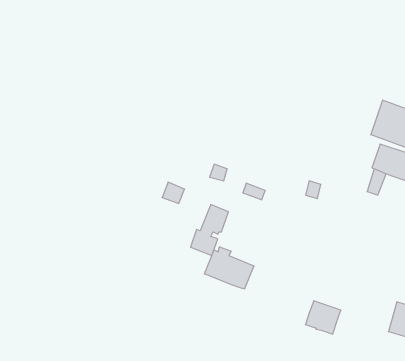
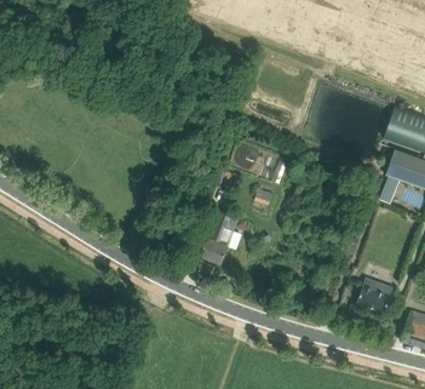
building: [204,247,254,289] -> none
building: [305,301,341,334] -> [356,278,392,311]

